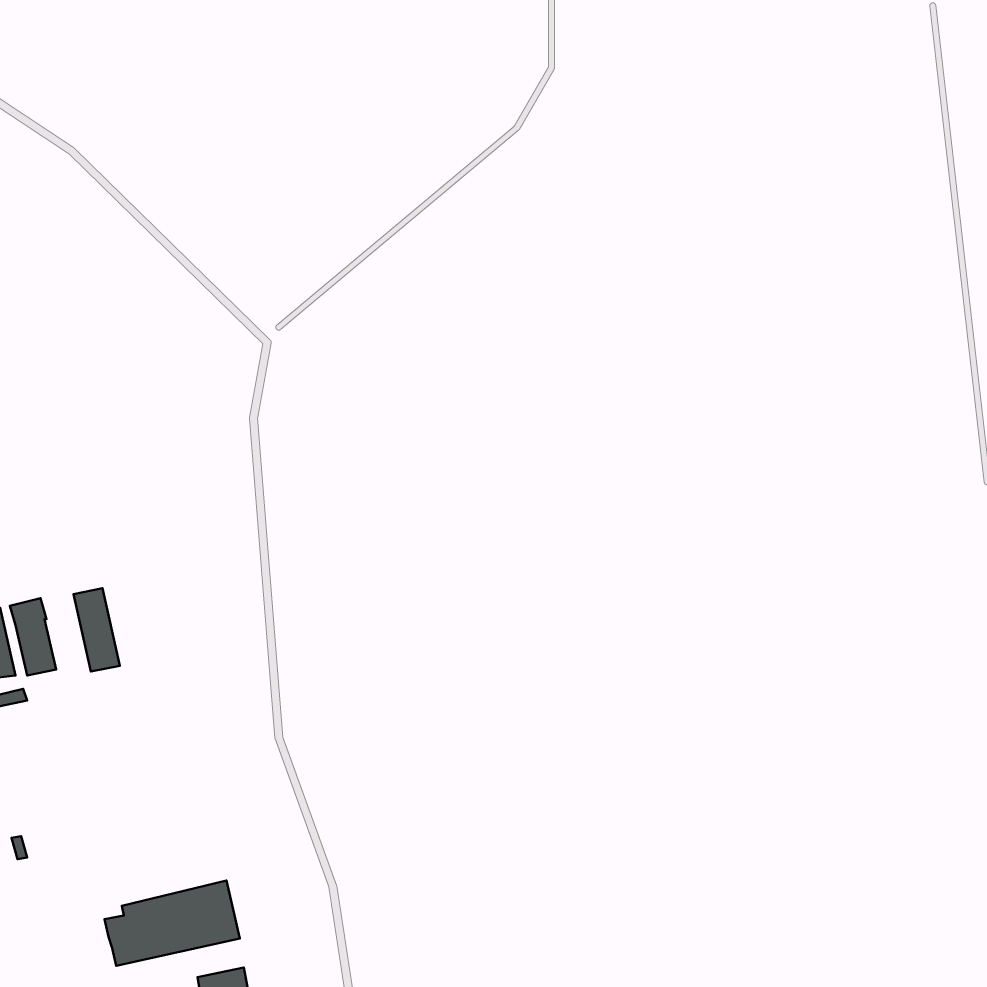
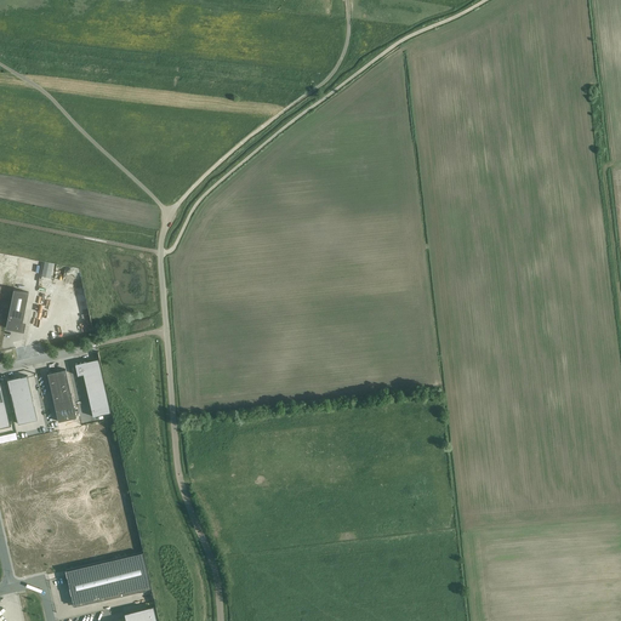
building: none -> [5,290,28,331]
building: none -> [74,360,109,417]

